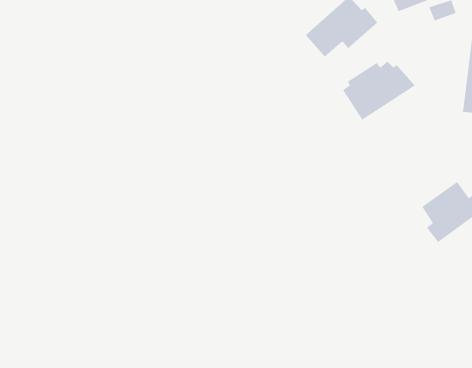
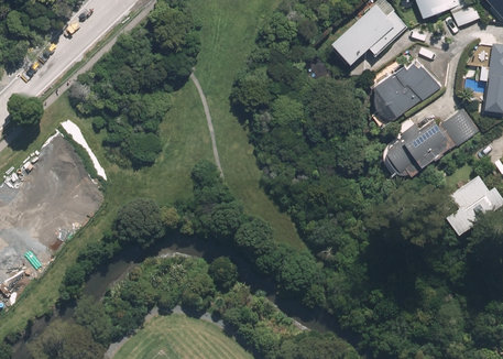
building: none -> [387,108,478,170]

